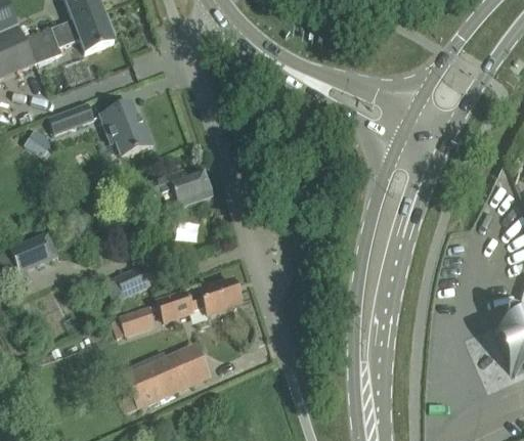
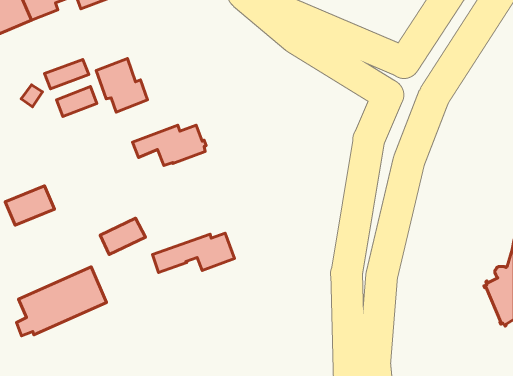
building: none -> [57,87,97,117]
building: [118,304,156,336] -> none
building: [120,342,211,411] -> [17,267,106,336]

